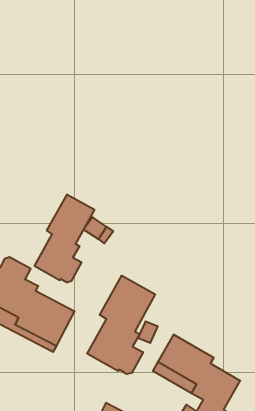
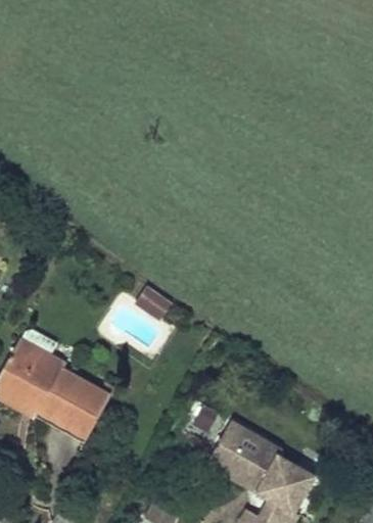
building: [35,194,94,283] -> none
building: [87,276,155,374] -> none

